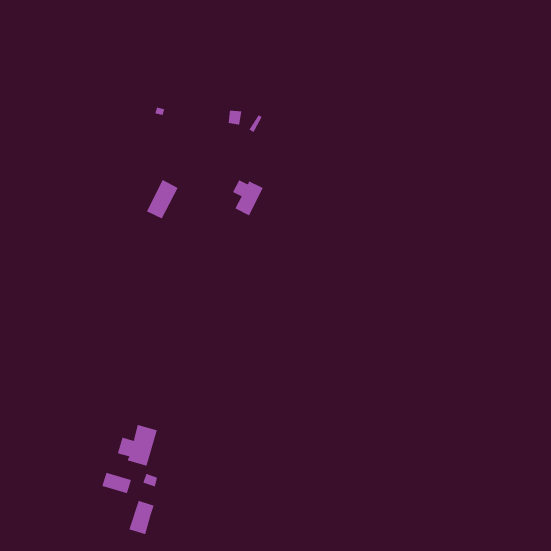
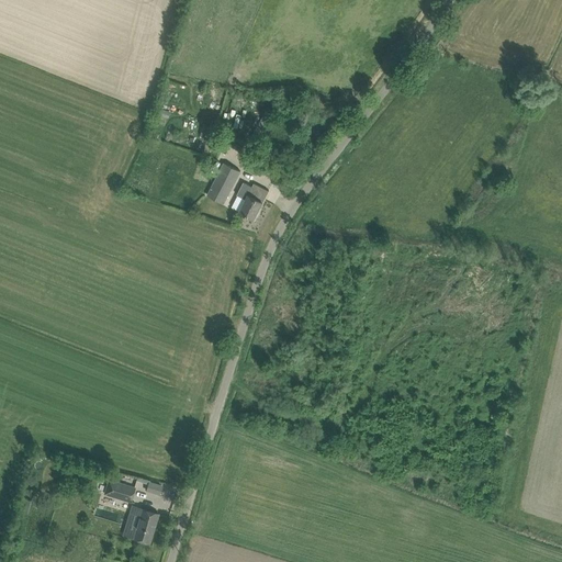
building: [146,179,178,219] -> [206,164,239,204]
building: [117,424,157,467] -> none

